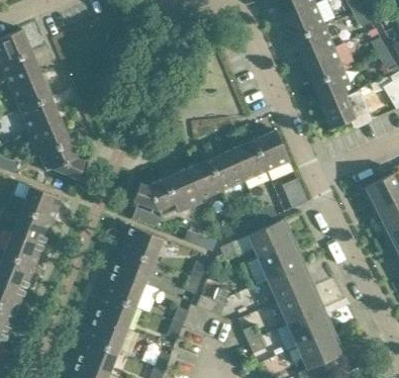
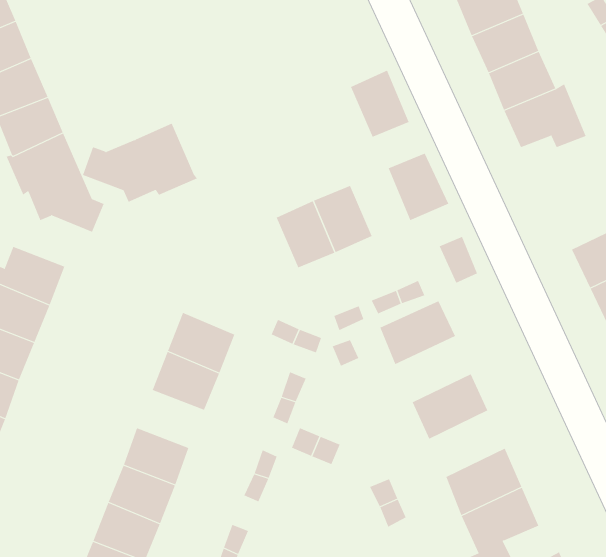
building: [232,139,268,180] -> [350,70,410,138]
building: [134,169,203,216] -> [82,123,198,202]
building: [259,240,304,279] -> none
building: [105,272,145,306] -> none
building: [279,284,324,323] -> none

